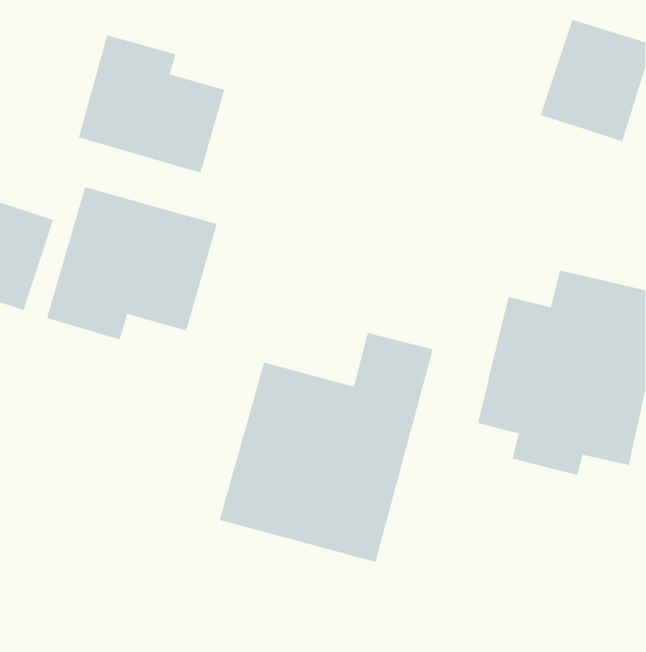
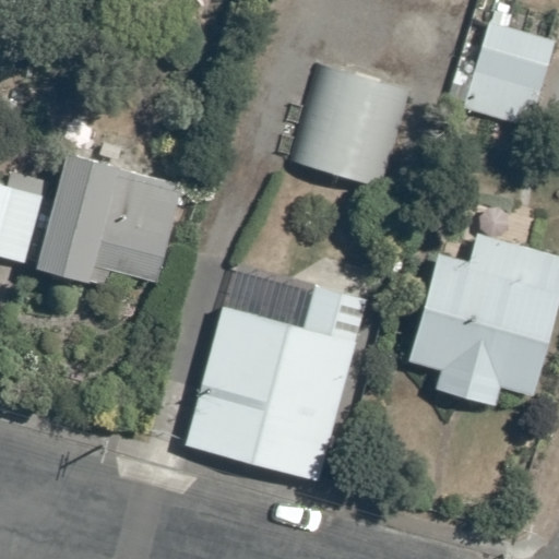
building: [78,35,225,174] -> none
building: none -> [285,60,406,190]

